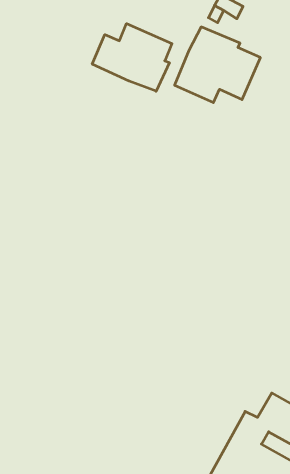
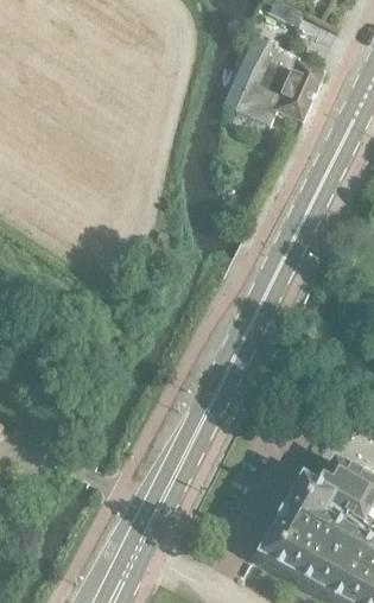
building: [92,24,172,91] -> none

